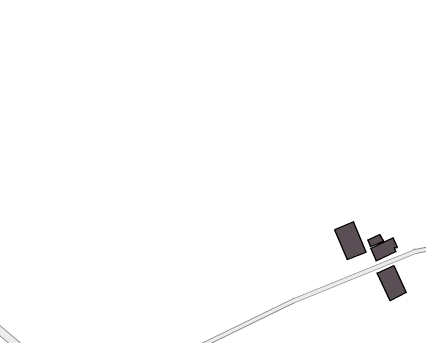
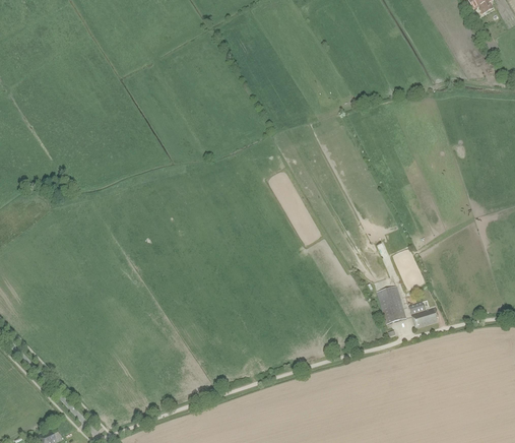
building: [377,266,406,301] -> none

